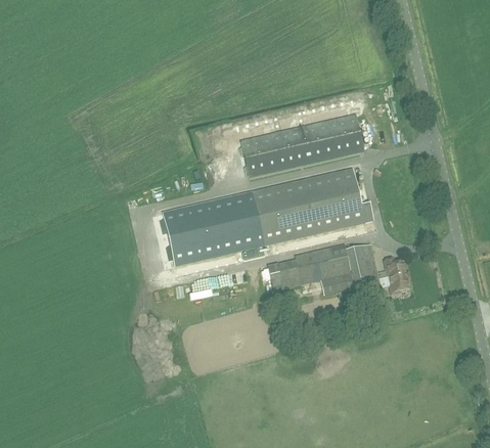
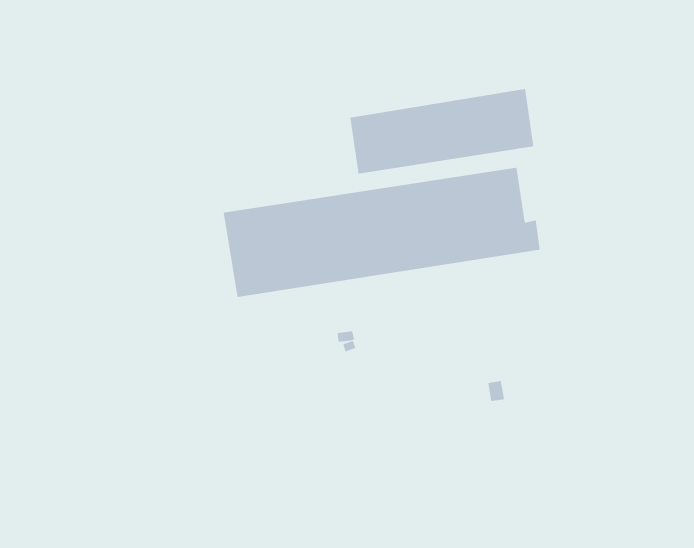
building: [268,244,409,295] -> none

